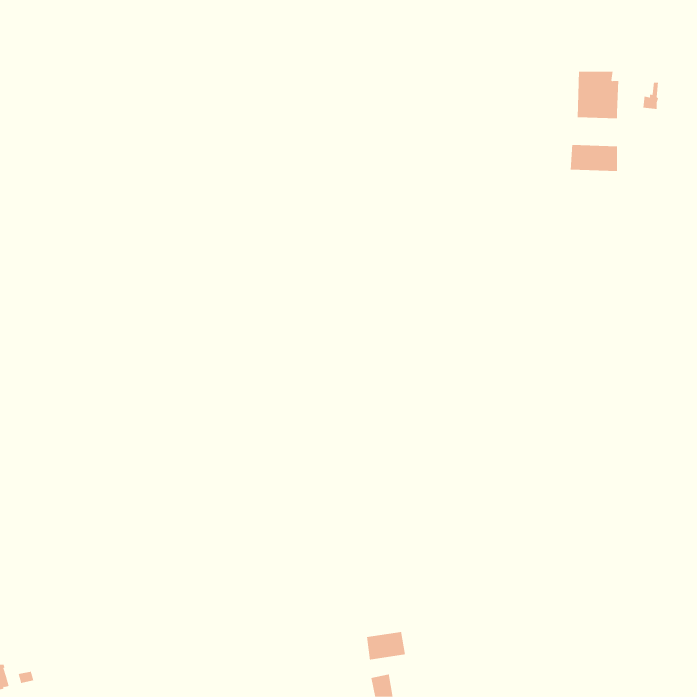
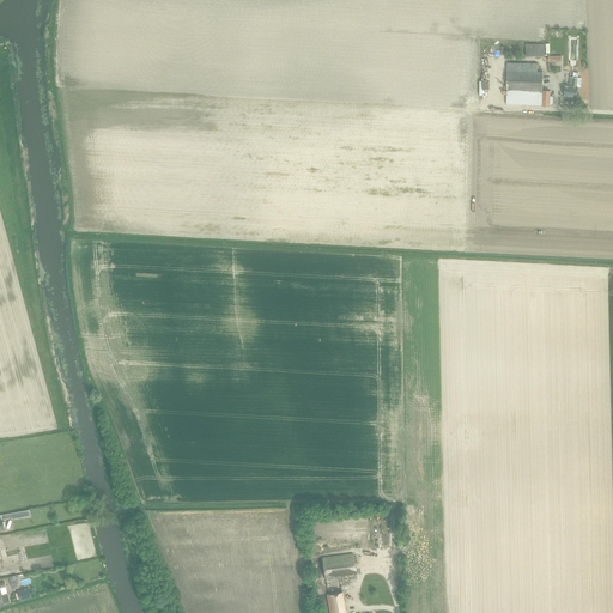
building: [570,144,618,172] -> none

